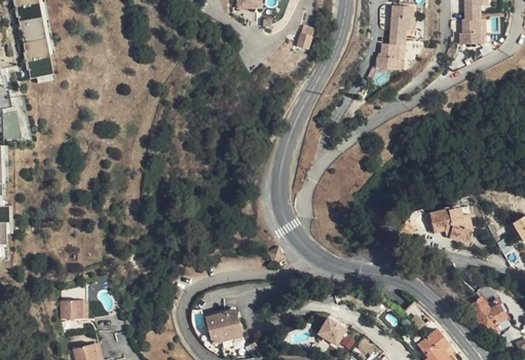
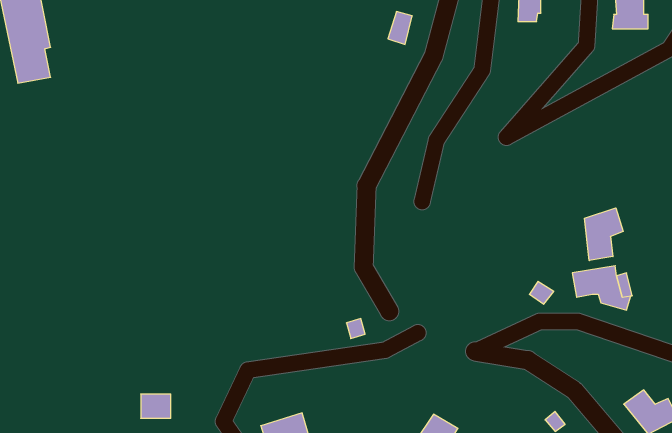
building: [377,31,404,63] -> none
building: none -> [585,208,623,261]
building: [62,300,83,318] -> [141,394,171,418]

